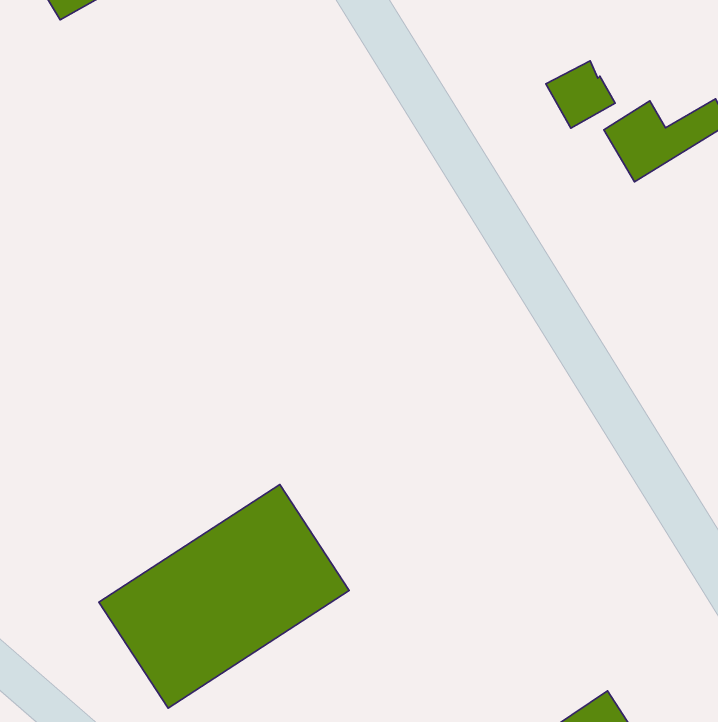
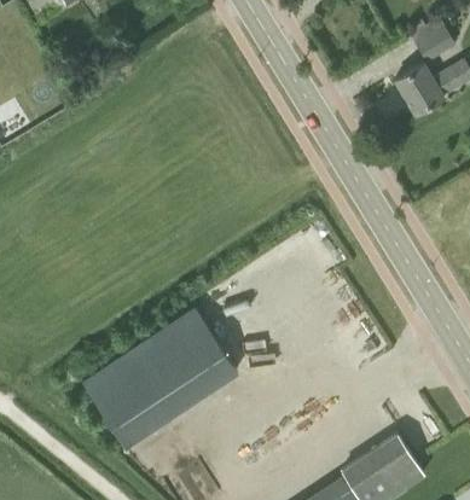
building: [546,61,615,128] -> [413,21,457,63]

